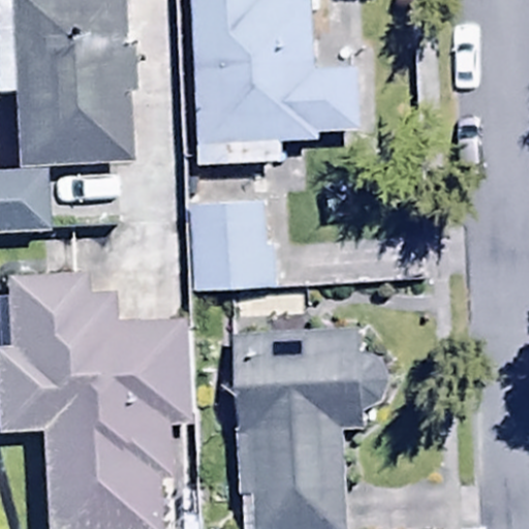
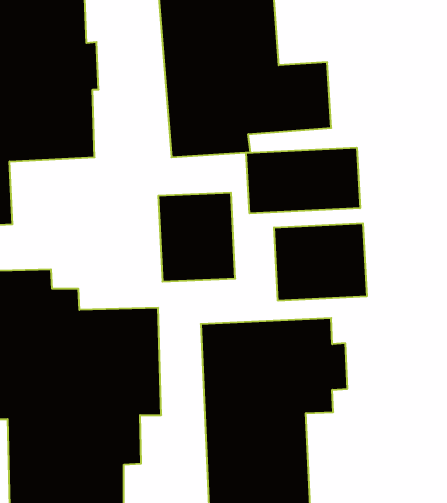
building: none -> [246,148,360,213]
building: none -> [274,223,367,301]

